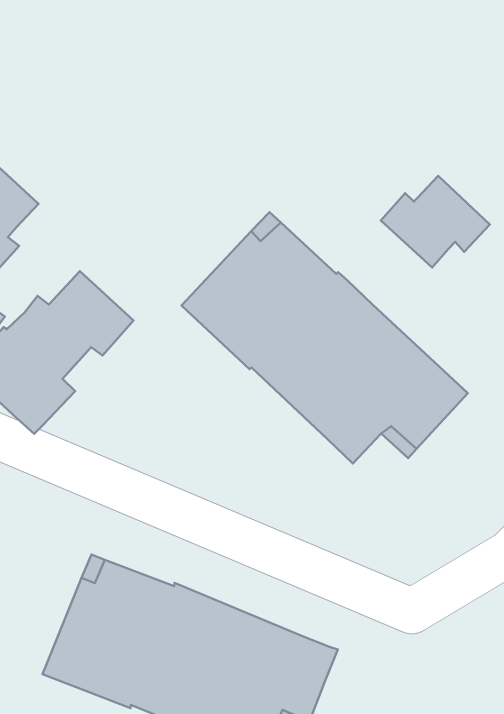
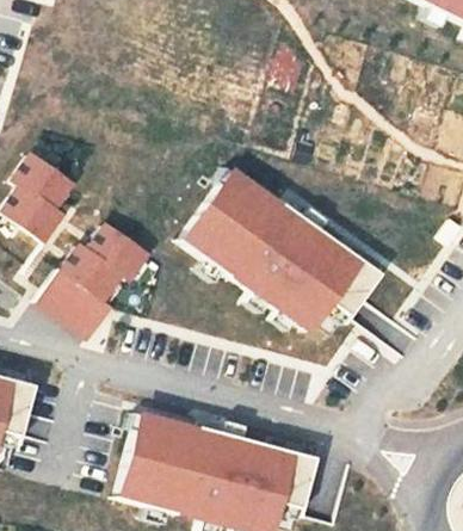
building: [381,176,490,268] -> none

